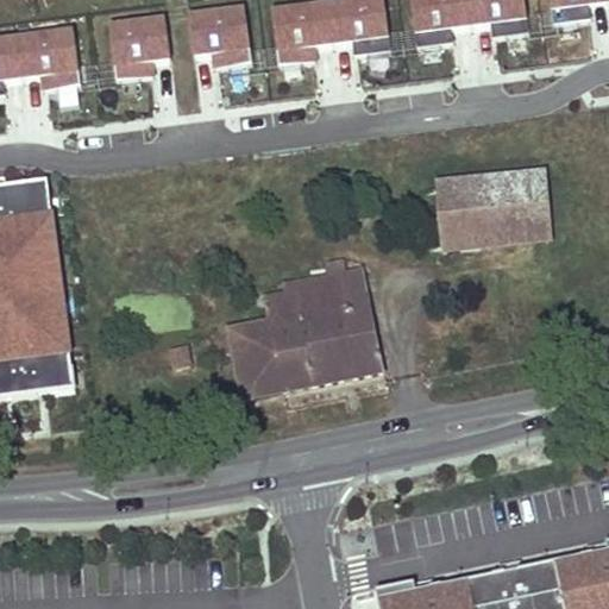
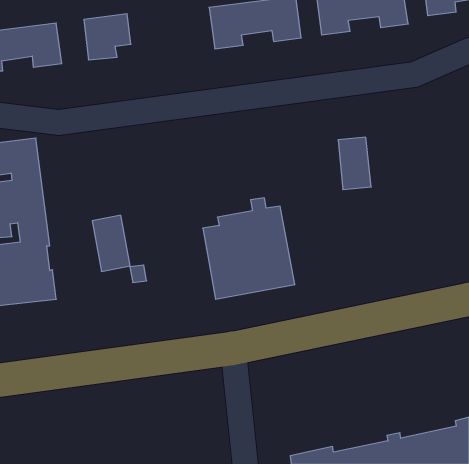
building: [188,7,250,64] -> none
building: [472,170,550,241] -> none
building: [230,321,278,394] -> [92,215,130,271]

